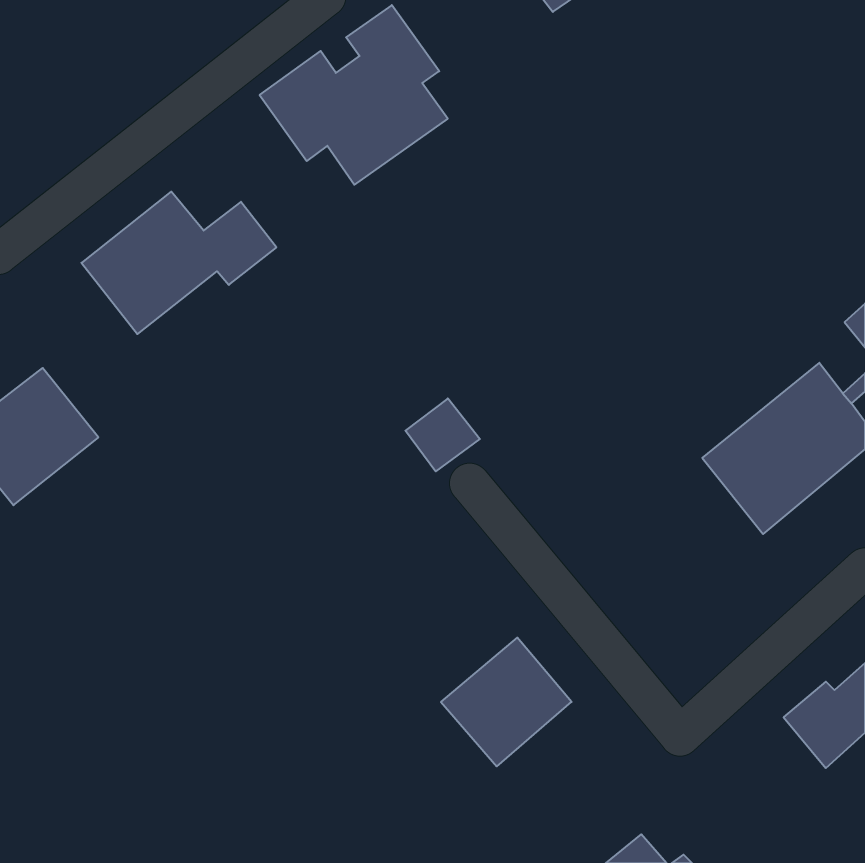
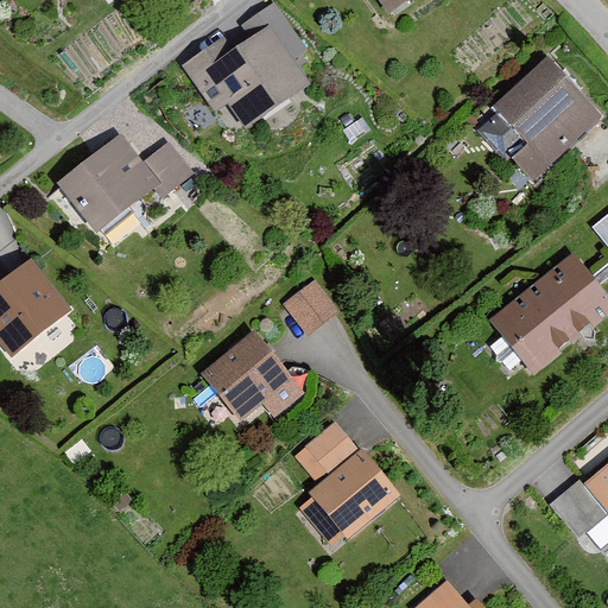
building: none -> [475,61,600,184]
building: none -> [203,331,294,420]
building: none -> [305,422,355,471]

